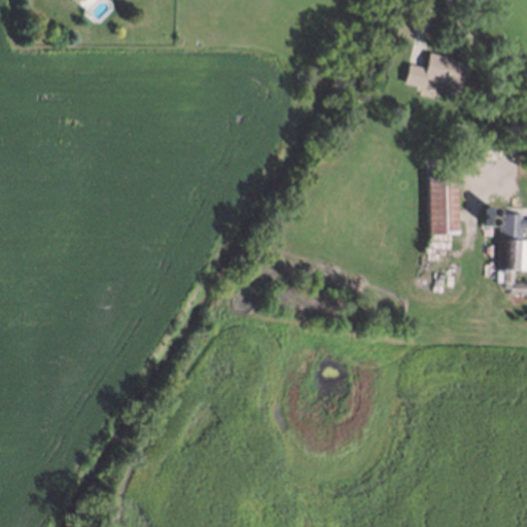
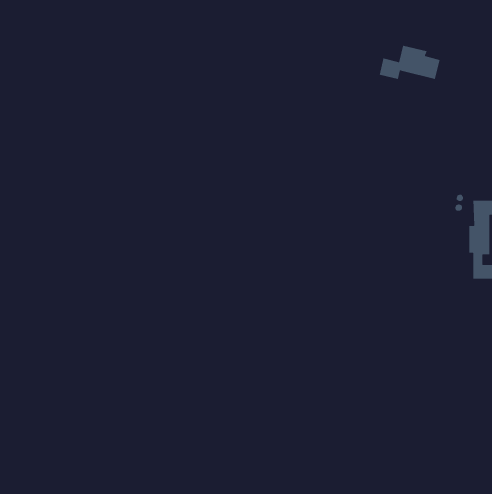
building: [431,179,459,235] -> none

